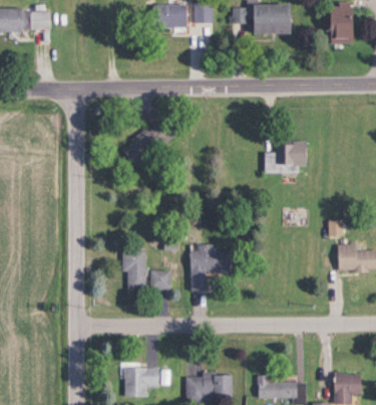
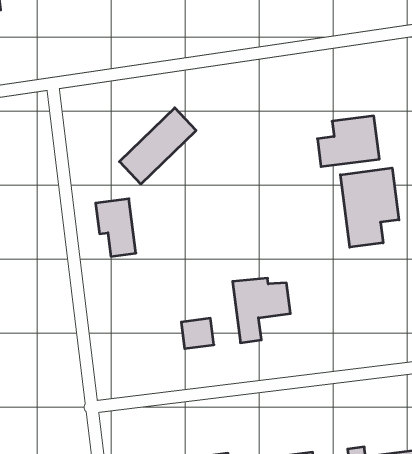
building: none -> [340,168,399,247]
building: [122,250,146,289] -> [96,199,136,256]

